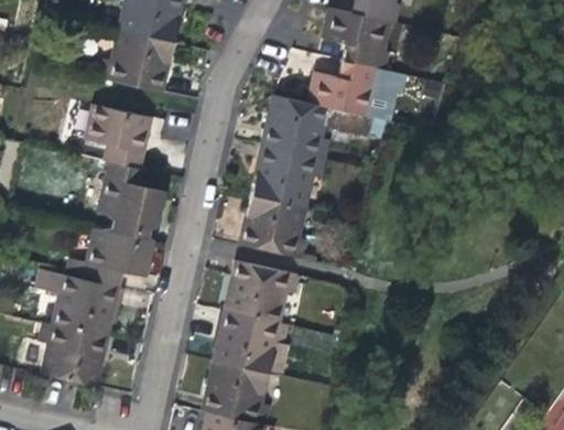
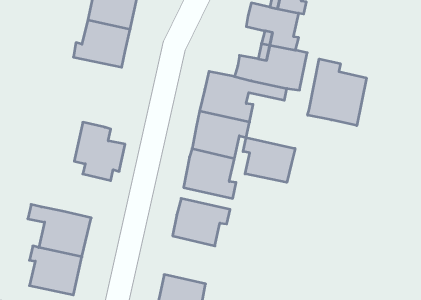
building: none -> [308,59,366,126]
building: [85,106,150,168] -> none
building: none -> [243,137,295,182]
building: [83,225,153,286] -> none
building: [215,309,290,372] -> none

